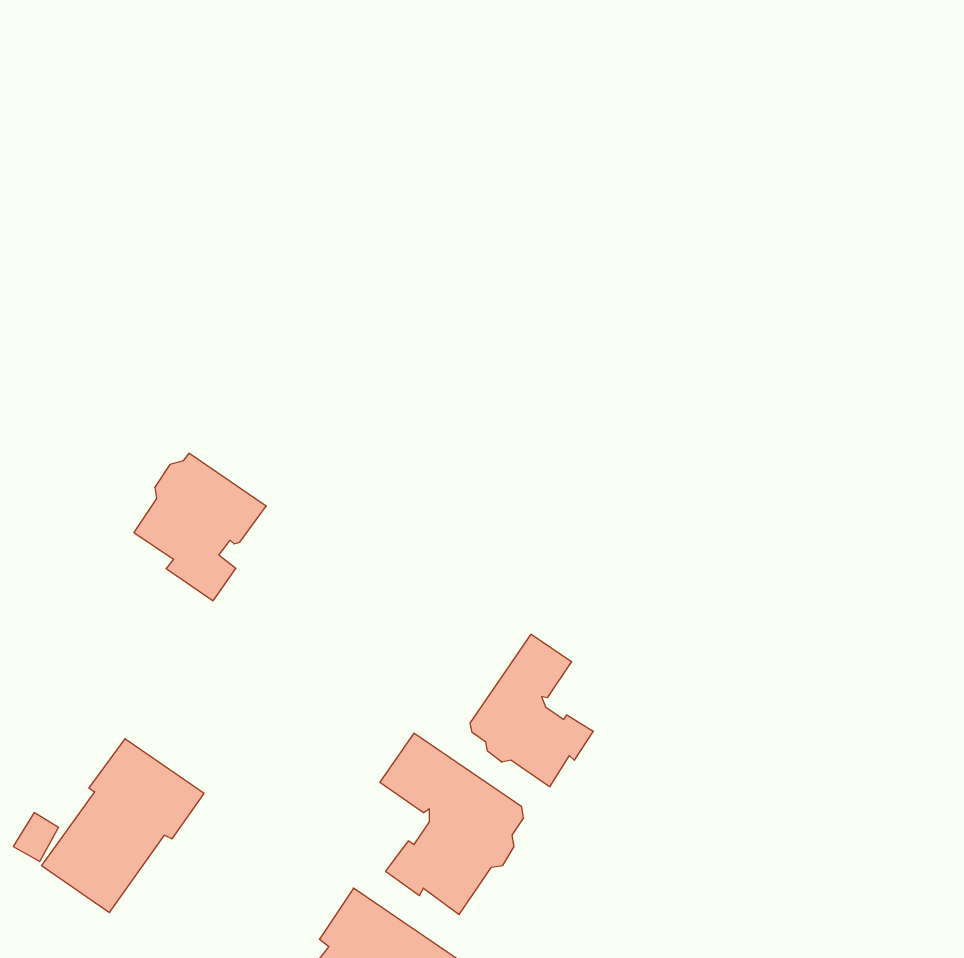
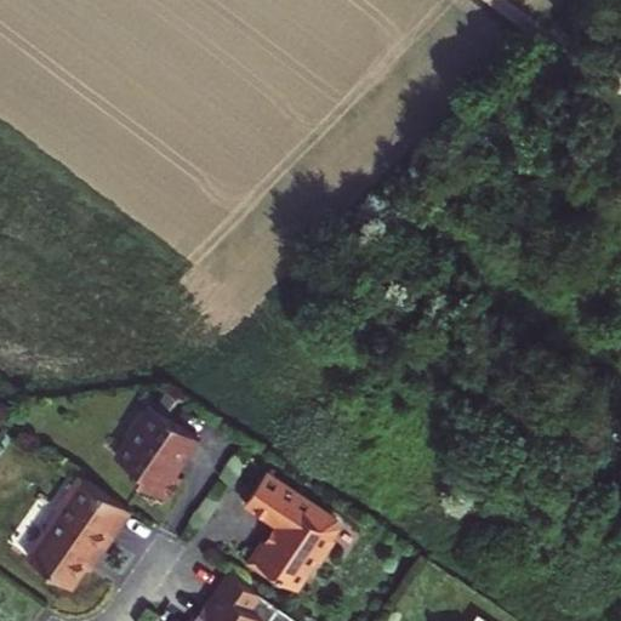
building: [134,453,266,601] -> [115,410,200,505]
building: [470,634,593,787] -> none

